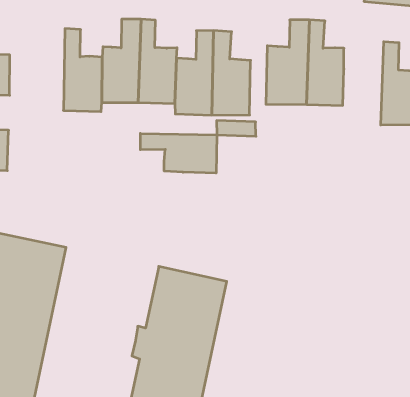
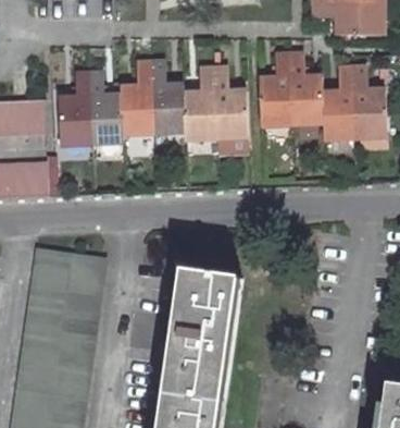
building: none -> [57,73,91,144]
building: none -> [323,66,357,137]
building: [140,133,217,173] -> none

